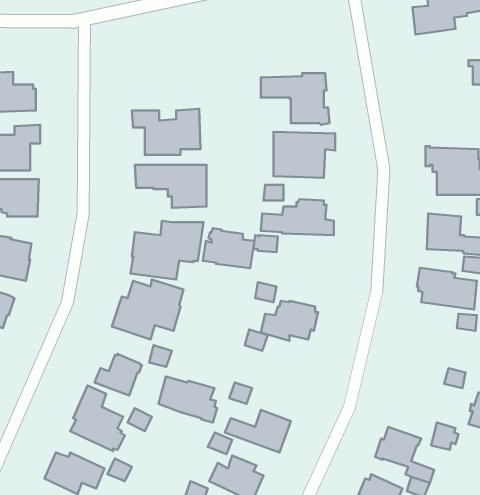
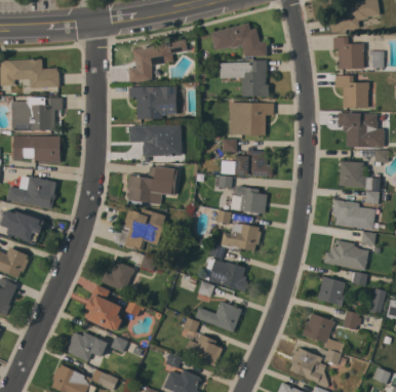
building: none -> [210,23,268,57]
building: none -> [333,37,364,70]
building: none -> [129,40,188,82]
building: none -> [334,76,369,108]
building: [203,228,254,268] -> [231,186,268,214]
building: none -> [324,240,369,271]
building: none -> [317,277,346,307]
building: [159,377,217,422] -> [206,260,248,292]

